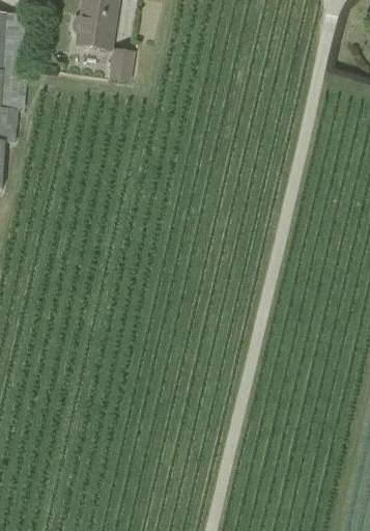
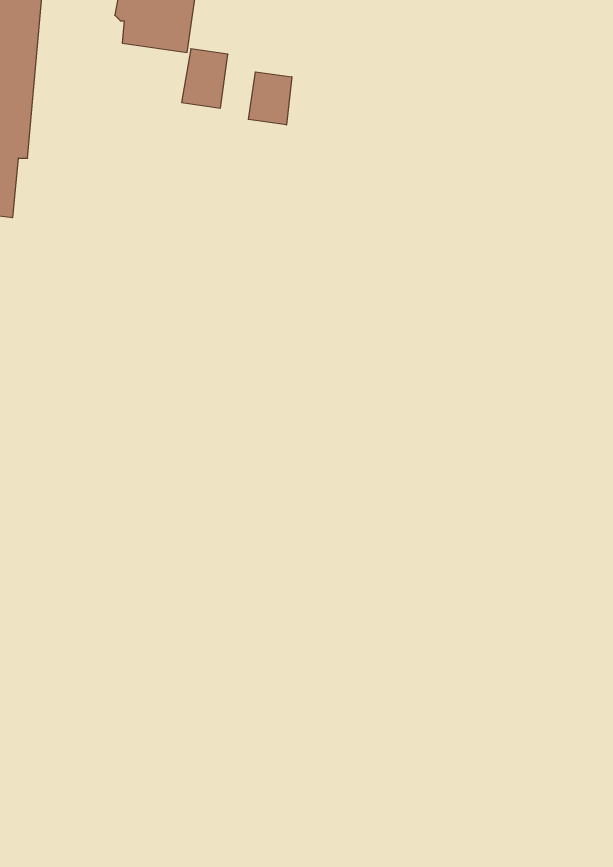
building: none -> [248,72,292,125]

